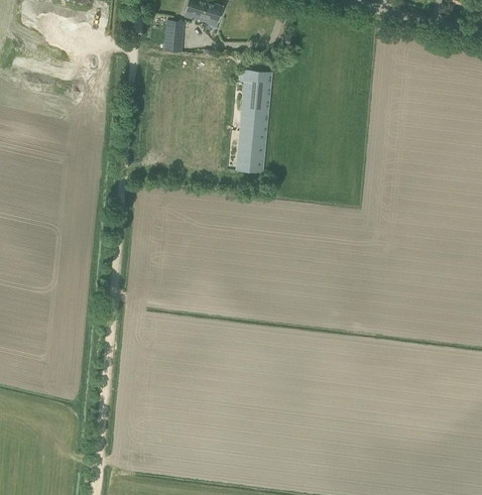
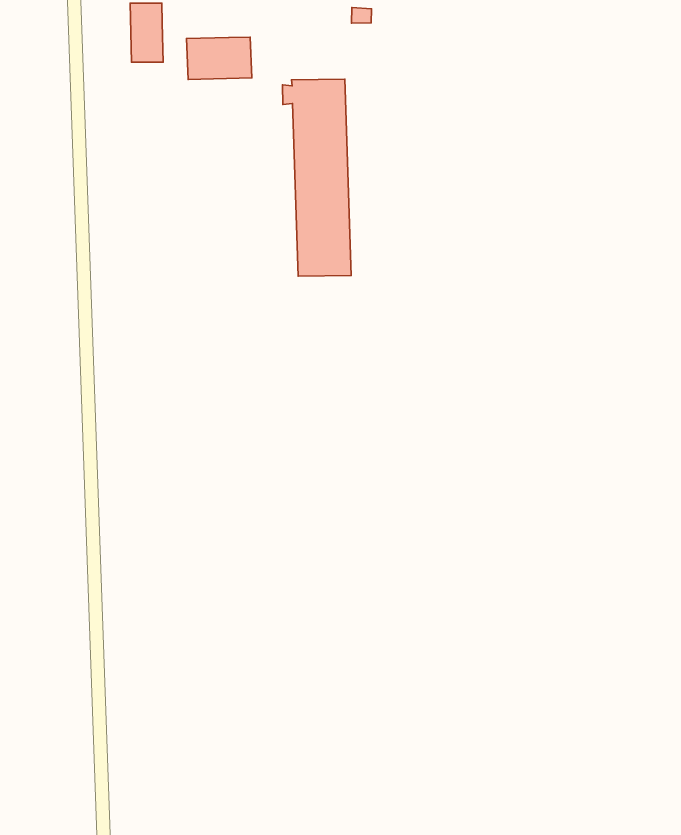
building: none -> [186,37,252,79]

